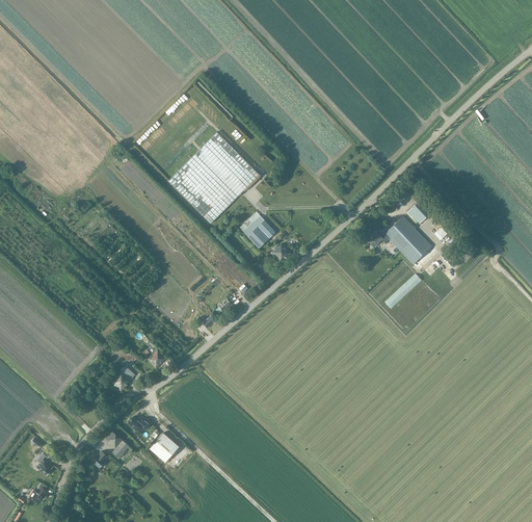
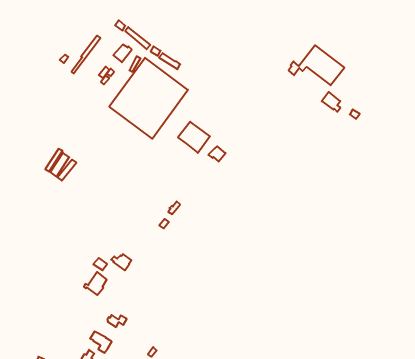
building: [370,216,433,264] -> [289,45,344,85]
building: [150,433,179,462] -> none

